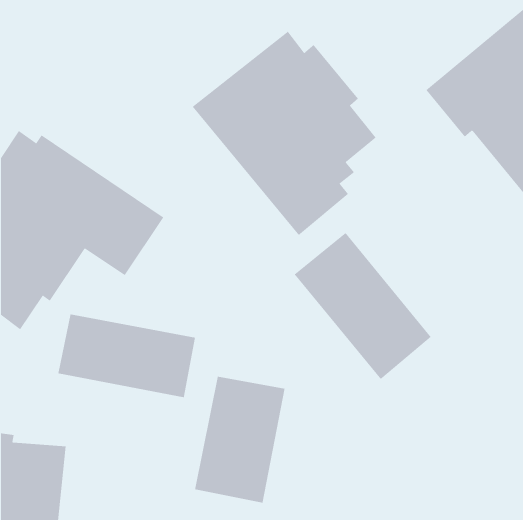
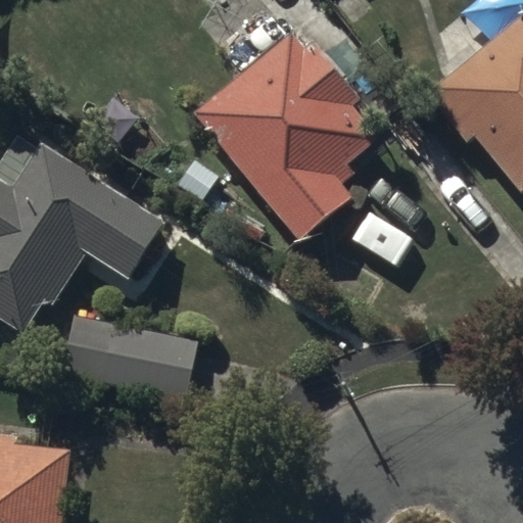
building: [294,232,431,380] -> none
building: [194,376,285,503] -> none

